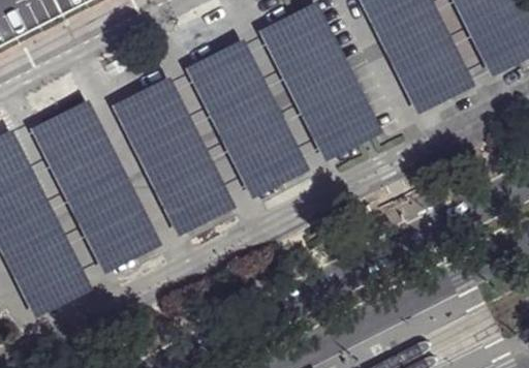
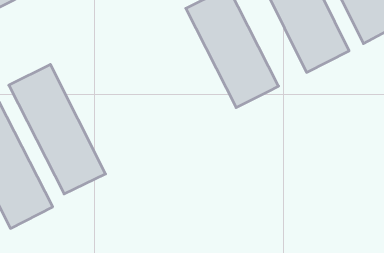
building: [187,40,305,195] -> none
building: [113,78,232,235] -> none

